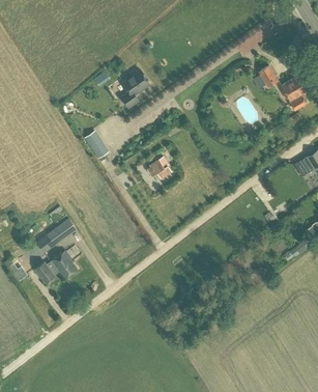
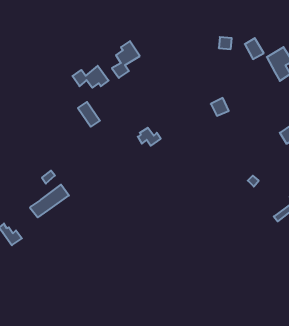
building: none -> [72,66,109,88]
building: [34,252,76,283] -> none

